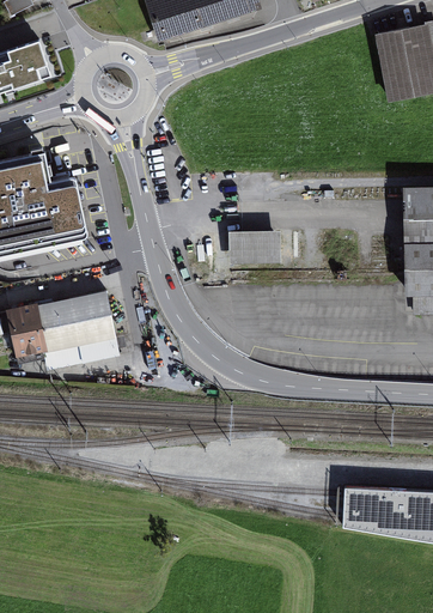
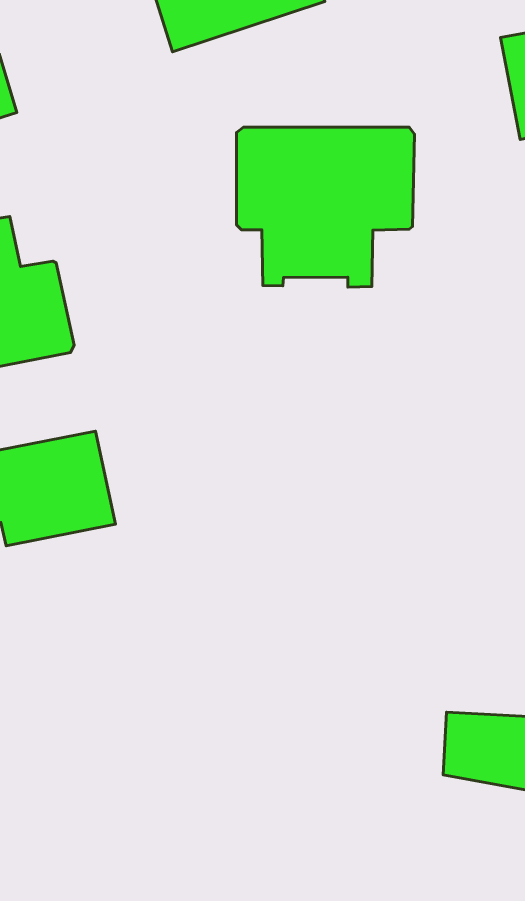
building: none -> [237,127,415,287]
building: [231,230,281,261] -> none

